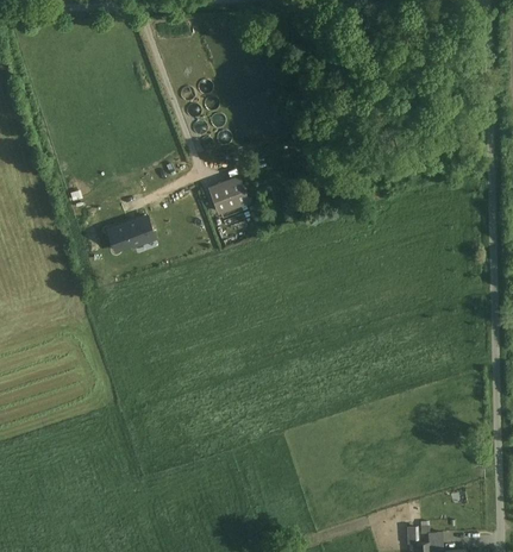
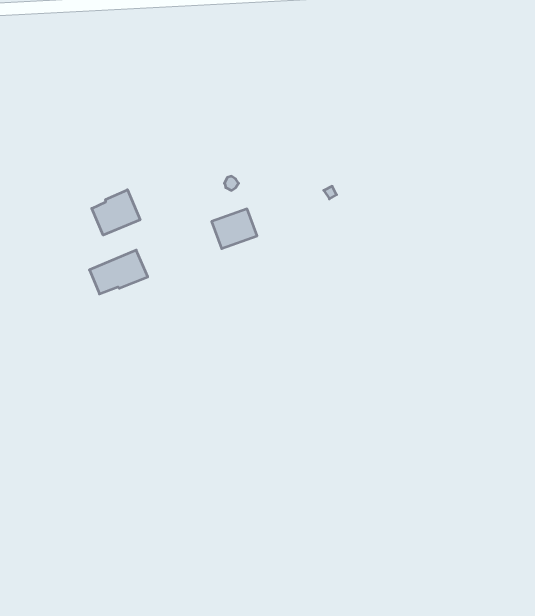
building: none -> [92,190,140,235]

